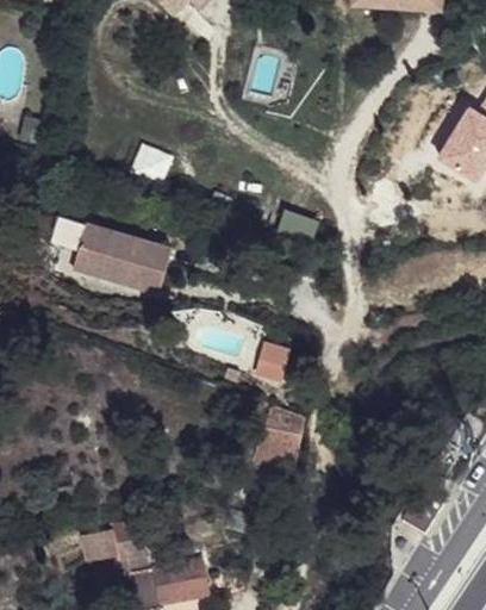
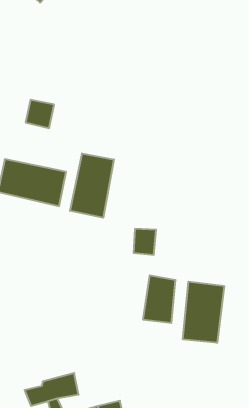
building: none -> [70,153,114,218]
building: none -> [183,282,224,343]

